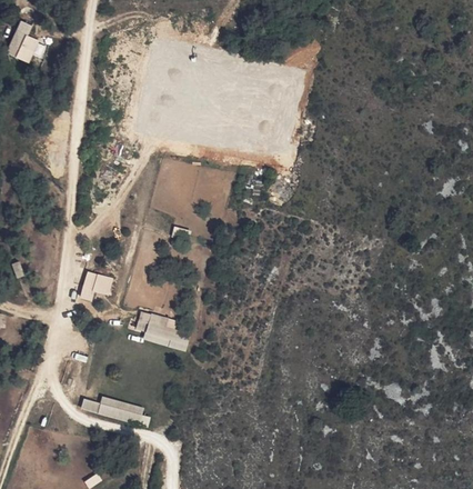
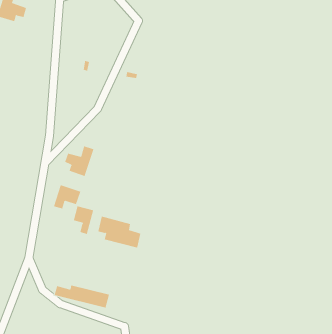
building: none -> [64,145,94,177]
building: none -> [73,205,94,235]

